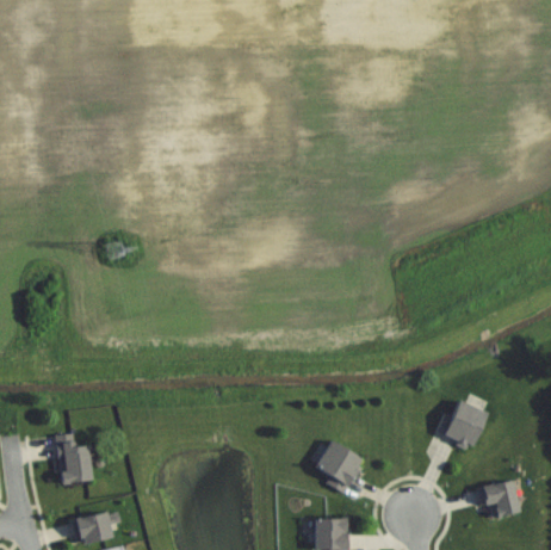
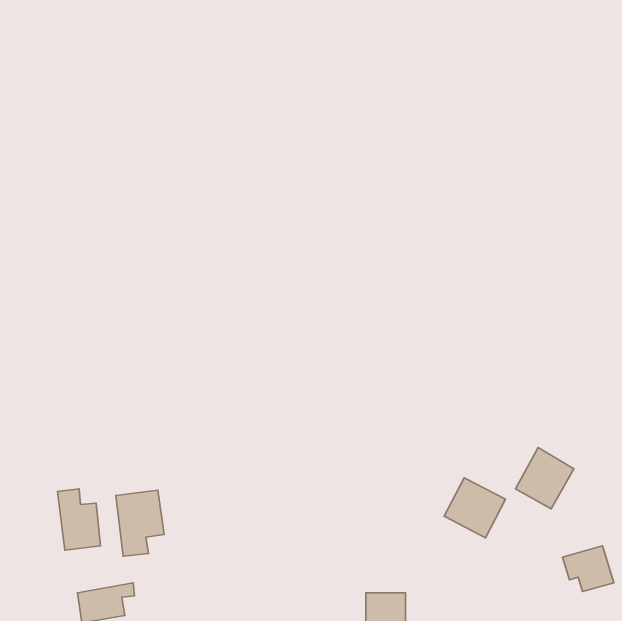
building: none -> [116,490,164,556]
building: [311,440,363,490] -> [444,478,505,538]

